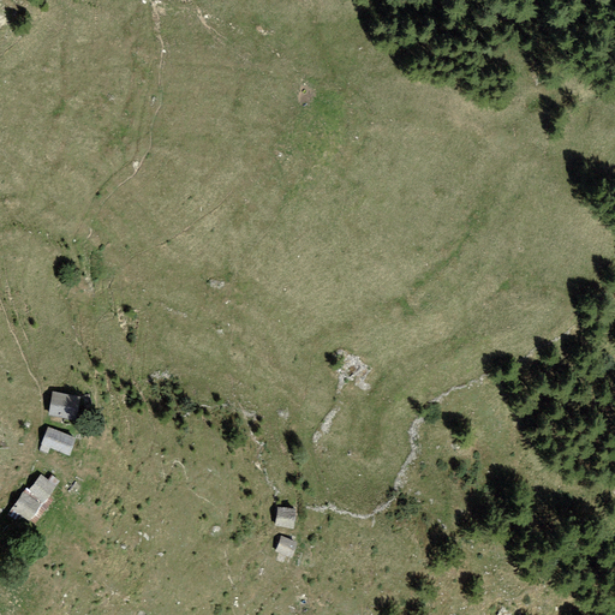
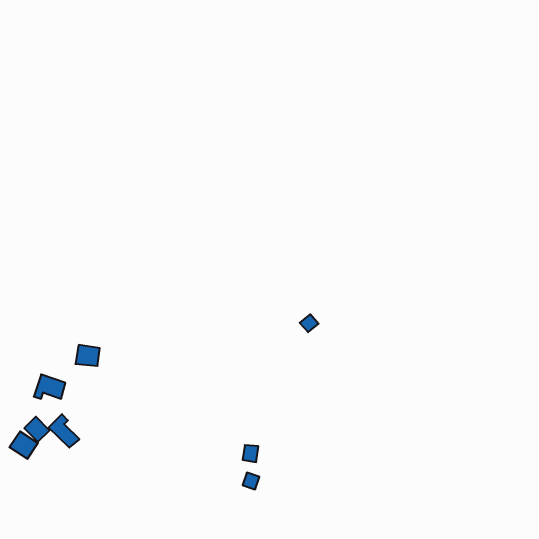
building: [49,393,77,417] -> [75,345,100,366]
building: none -> [49,414,79,448]

